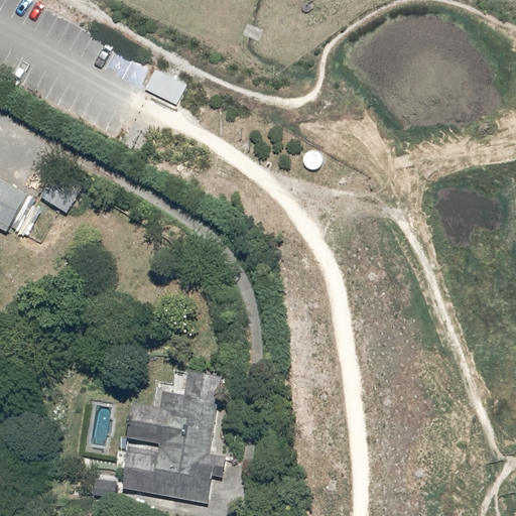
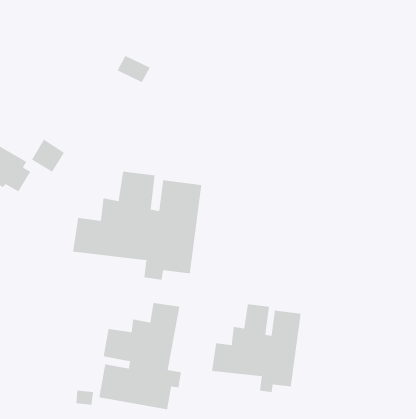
building: none -> [73,171,202,280]
building: none -> [211,303,301,393]

